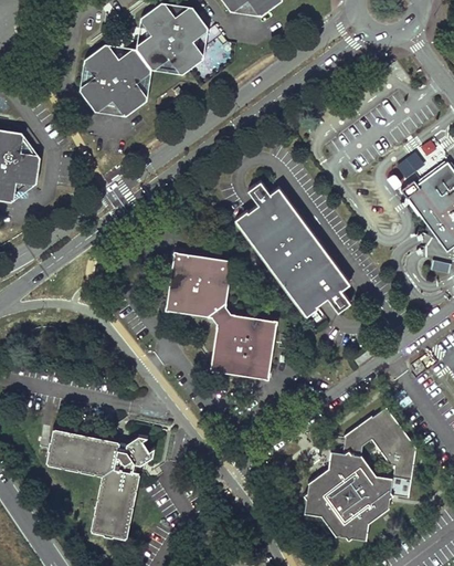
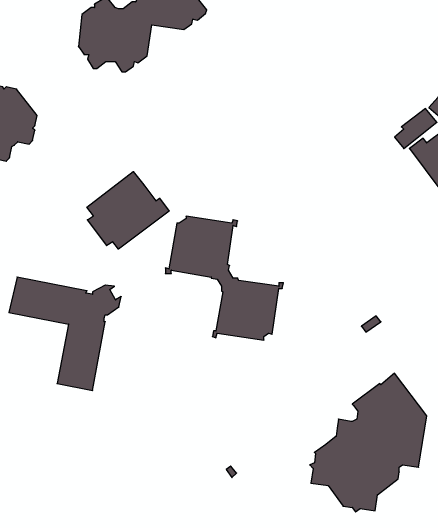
building: [234,188,349,316] -> none
building: none -> [87,172,169,249]
building: [46,429,155,538] -> [9,277,121,391]

